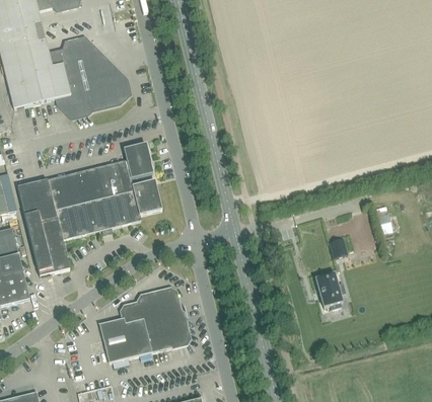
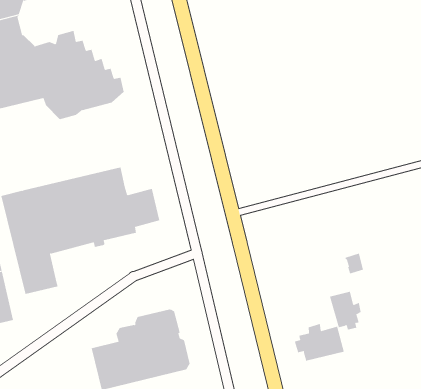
building: [124,143,153,178] -> none
building: none -> [294,323,345,362]

